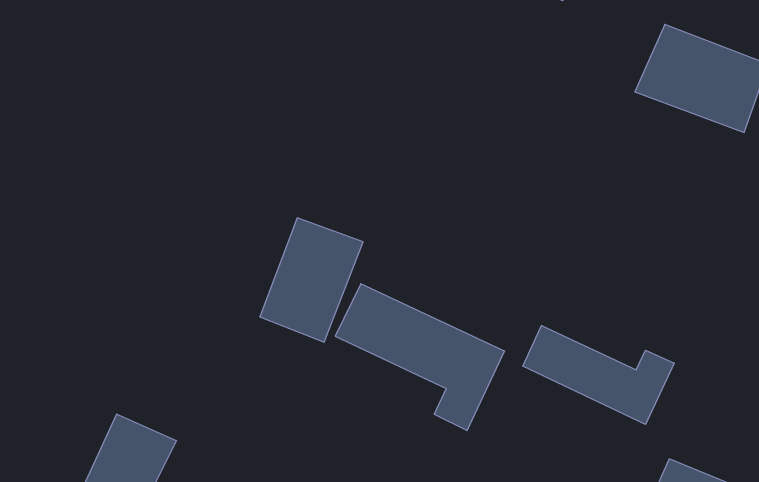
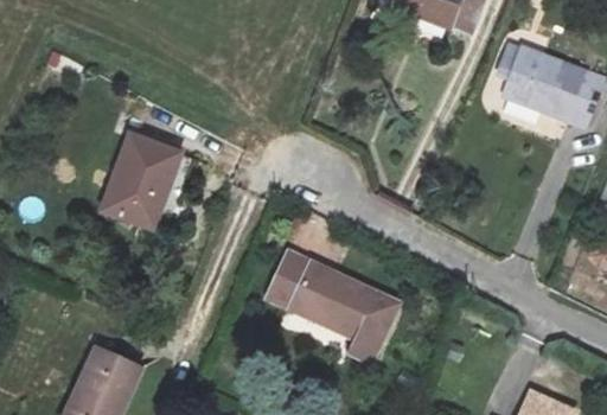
building: [260,218,363,342] -> [100,133,181,231]
building: [523,325,674,424] -> none

